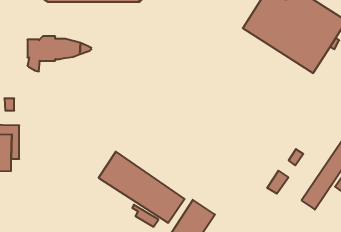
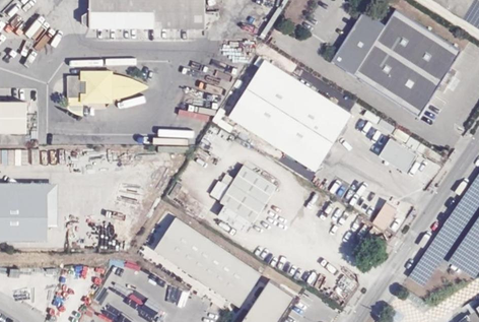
building: none -> [231,62,351,172]
building: none -> [381,140,418,174]
building: none -> [221,168,278,233]
building: [267,171,288,194] -> [371,201,398,230]

